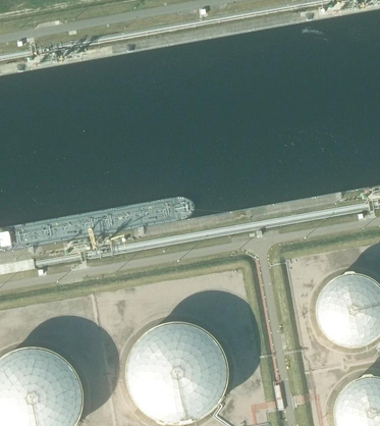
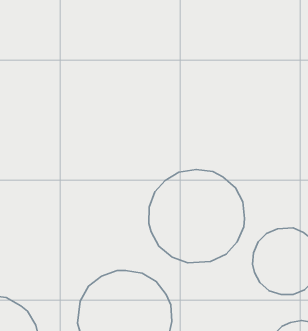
building: none -> [149,170,245,263]

